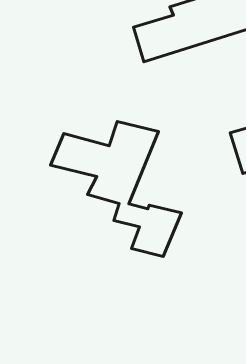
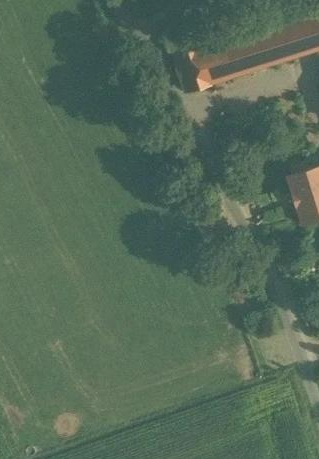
building: [50,121,182,256] -> none

